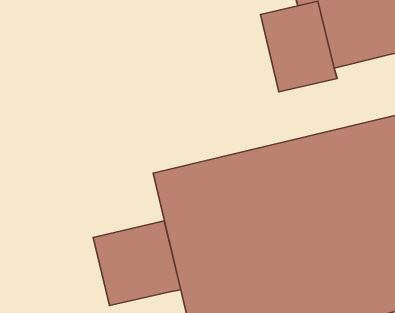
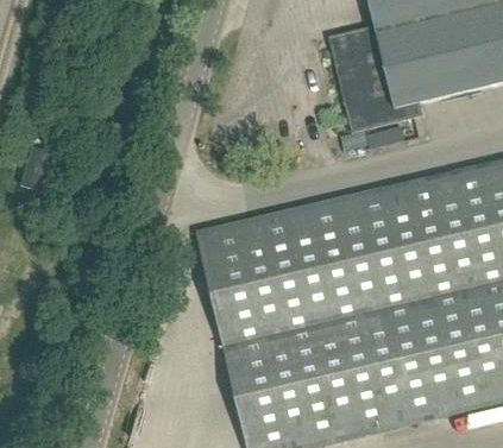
building: none -> [21,151,55,195]
building: [93,221,181,306] -> none

